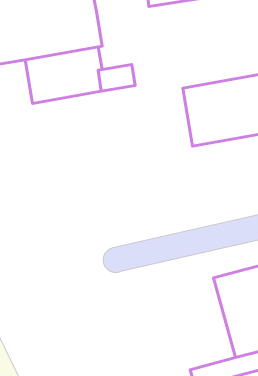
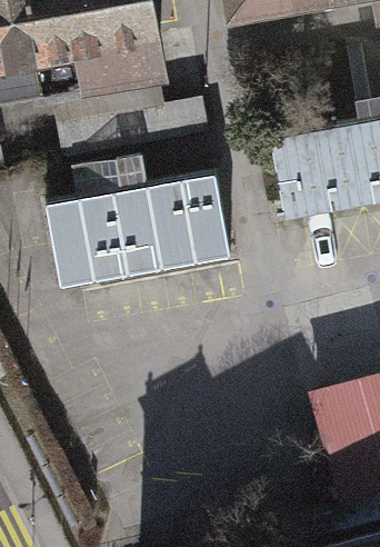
building: none -> [44,175,229,284]

